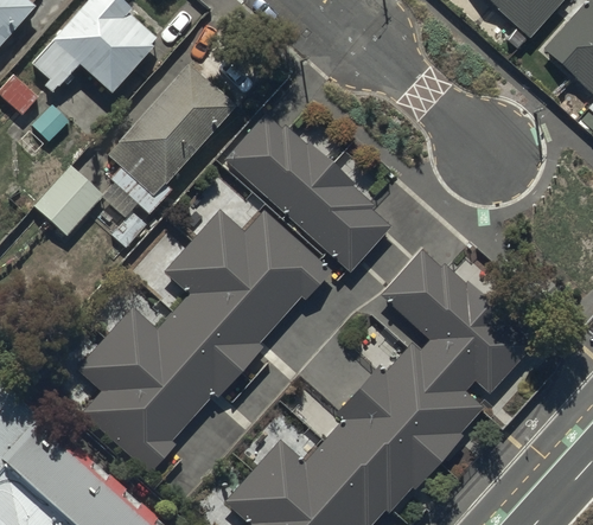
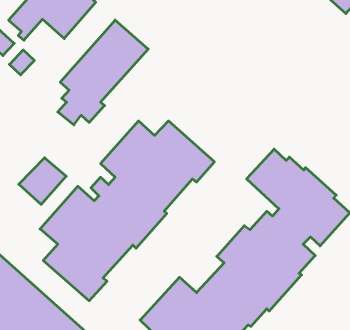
building: [225,114,390,271] -> none
building: [34,167,104,236] -> [19,158,66,204]

